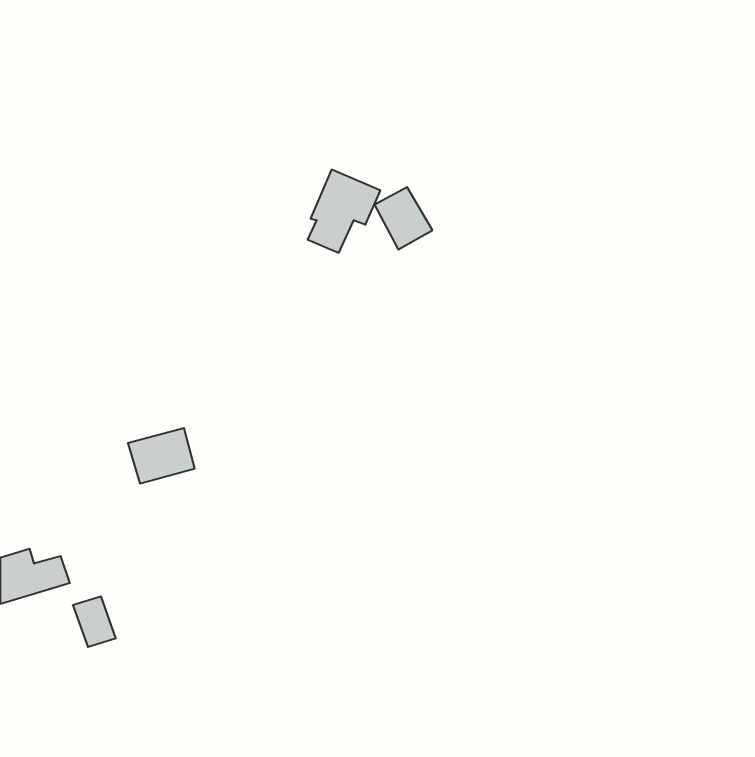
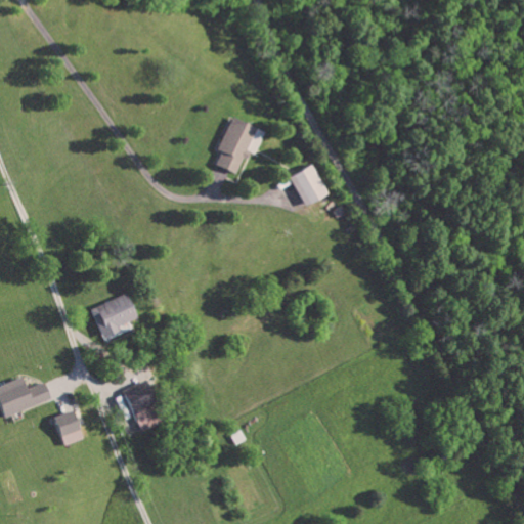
building: [374,187,432,250] -> [288,164,328,207]
building: none -> [123,381,163,432]

